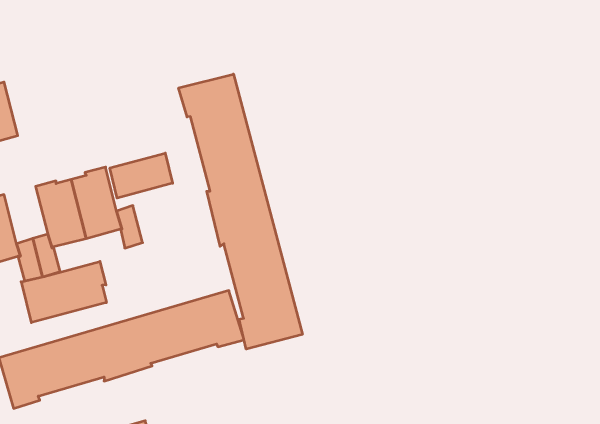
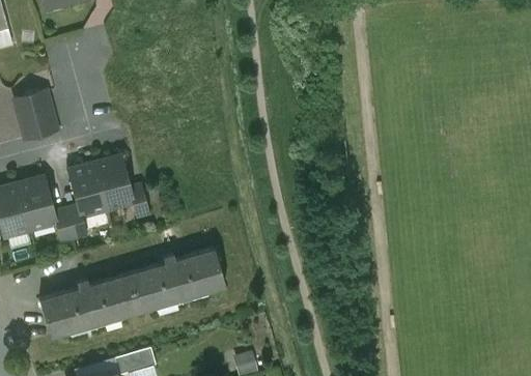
building: [179,74,302,349] -> none
building: [110,153,173,198] -> none
building: [21,261,106,323] -> none

